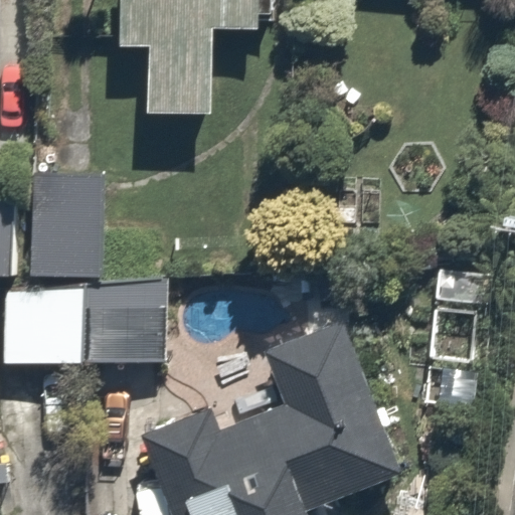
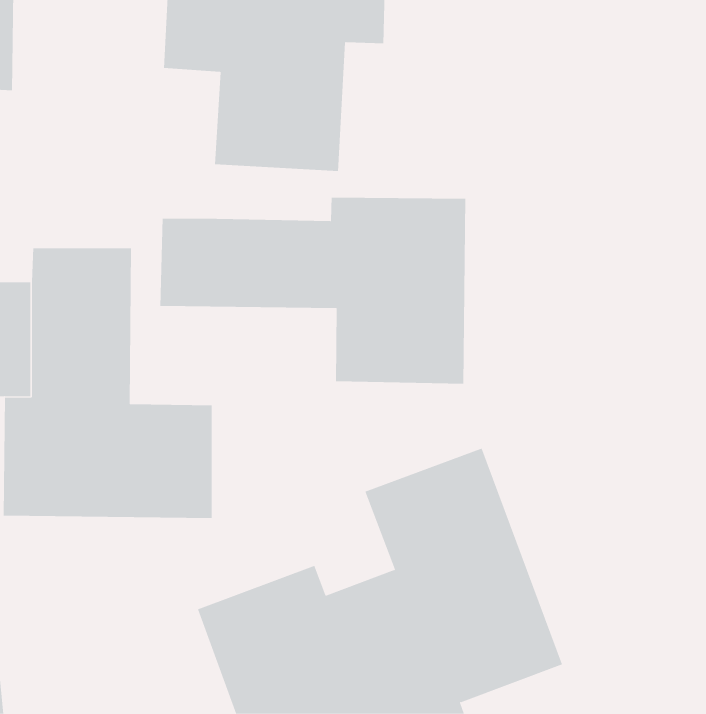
building: none -> [160,197,466,385]

